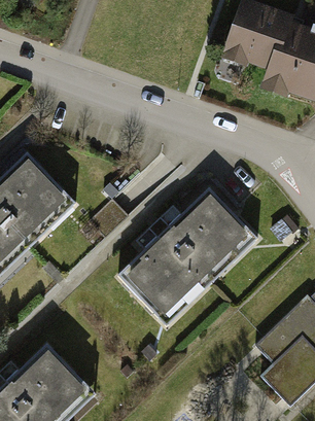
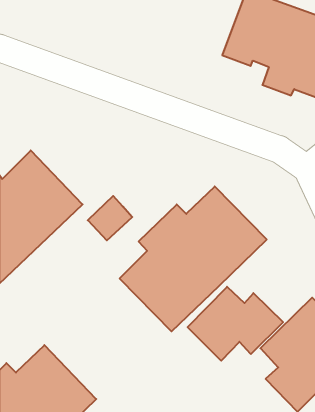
building: none -> [188,287,283,361]

